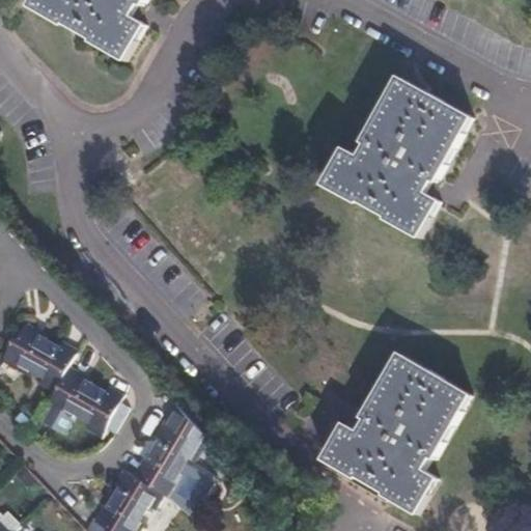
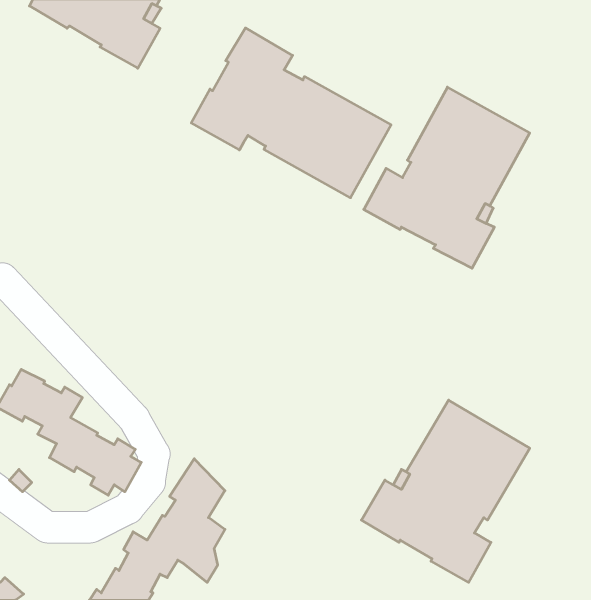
building: none -> [191,28,391,198]

